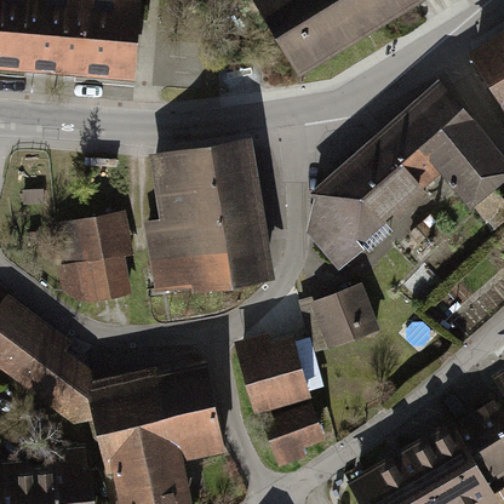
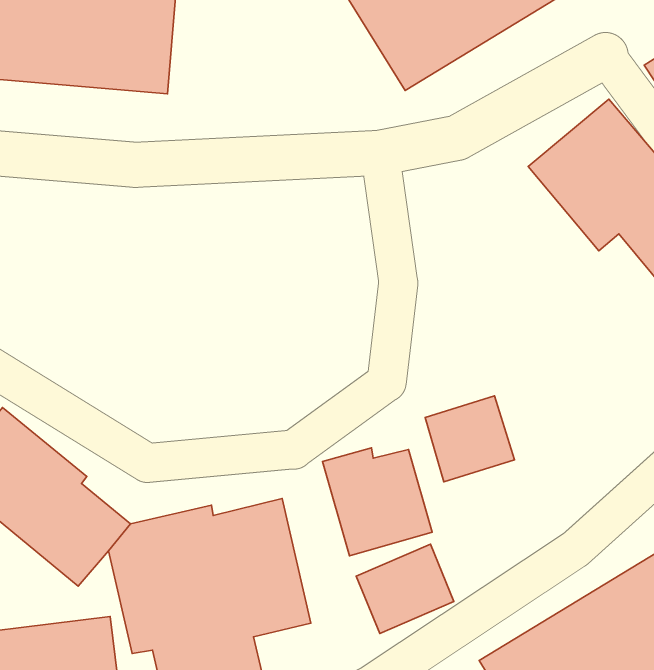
building: [308,127,437,271] -> none
building: [143,145,259,290] -> none
building: [52,208,133,305] -> none

